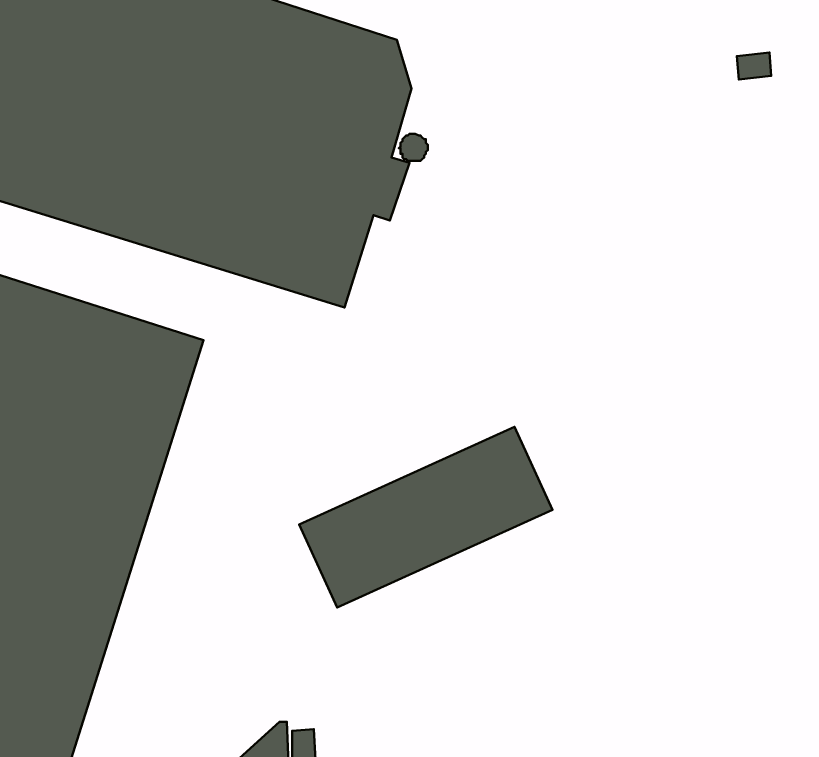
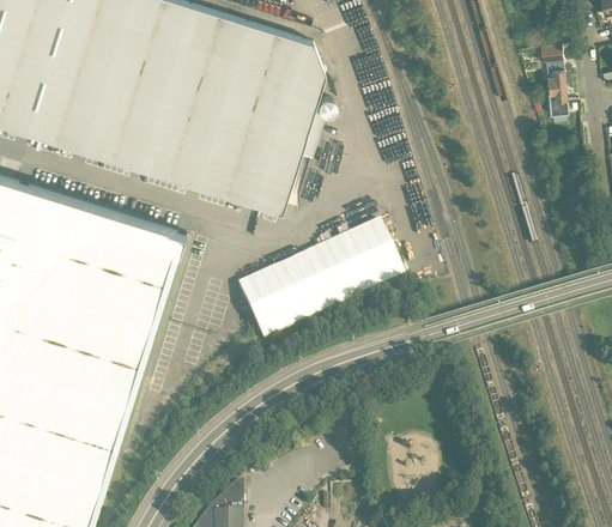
building: none -> [543,71,564,117]
building: [299,427,552,608] -> [232,223,400,343]

